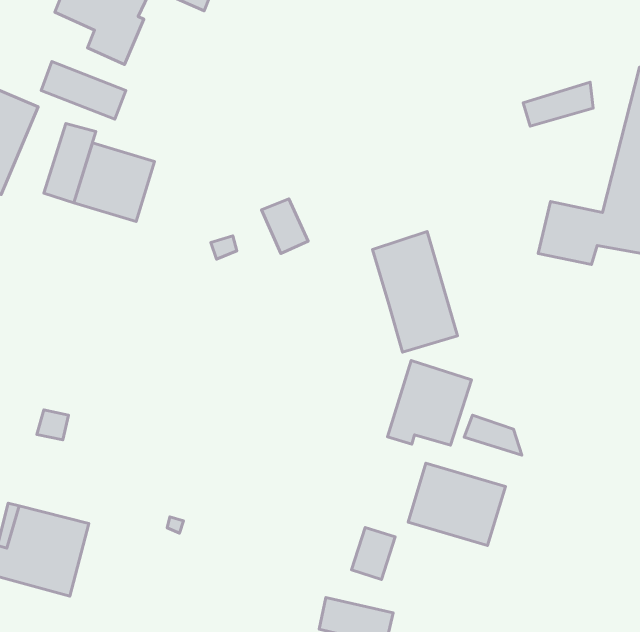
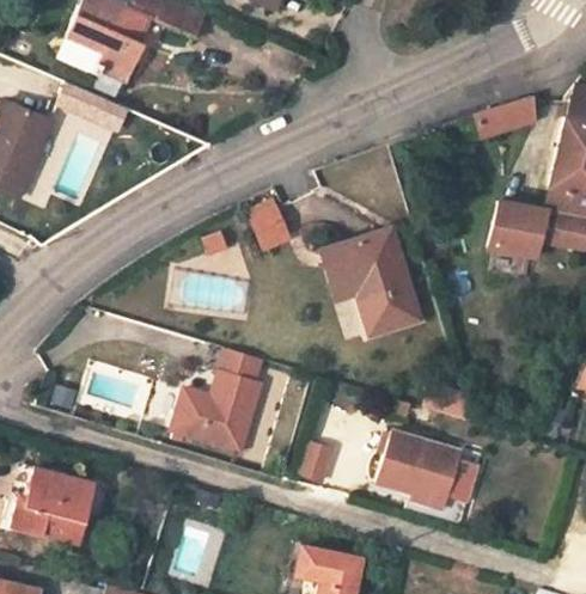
building: [74,143,154,222] -> none
building: none -> [321,244,359,300]
building: [387,360,472,445] -> none
building: none -> [175,348,263,452]
building: [351,527,395,579] -> [299,439,337,484]

